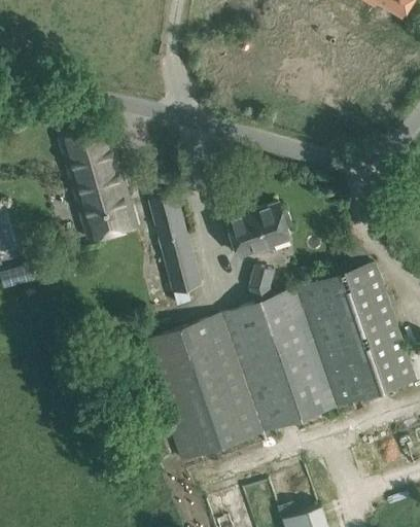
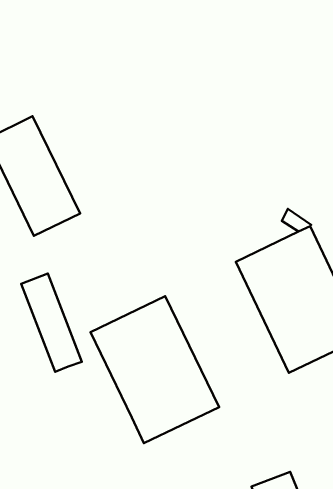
building: [149,195,202,293] -> [21,274,82,372]
building: [226,205,292,258] -> none
building: [220,270,336,432] -> none

